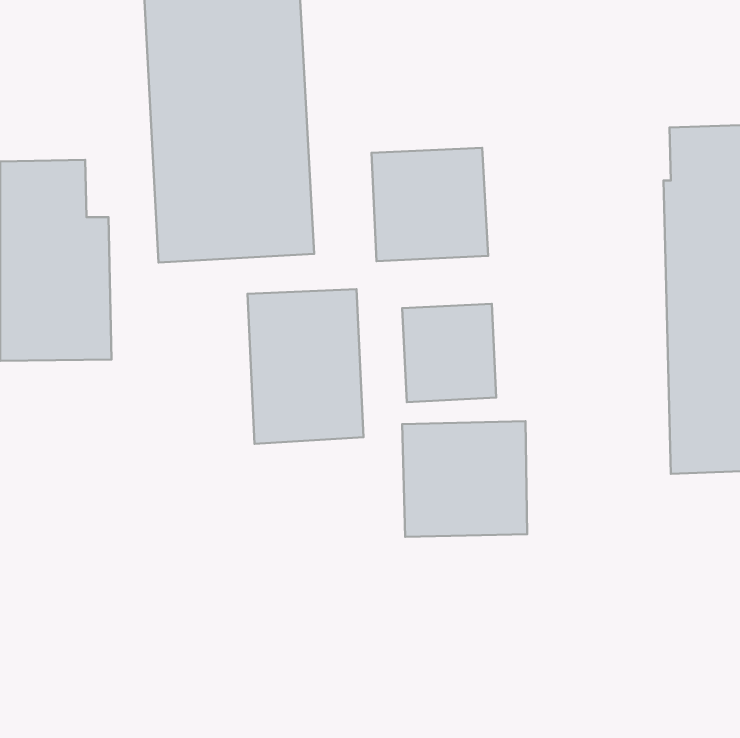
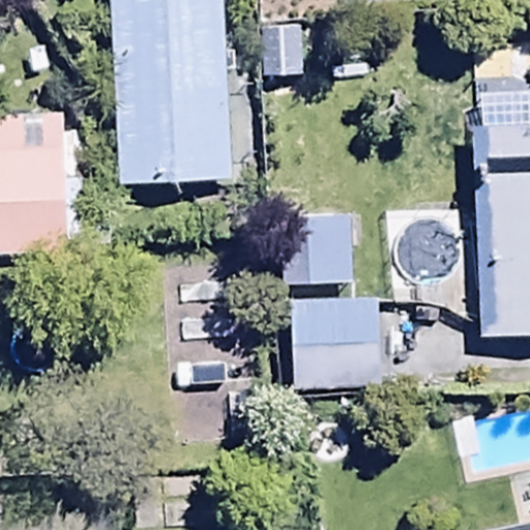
building: [372,148,488,261] -> none
building: [248,289,363,444] -> none

